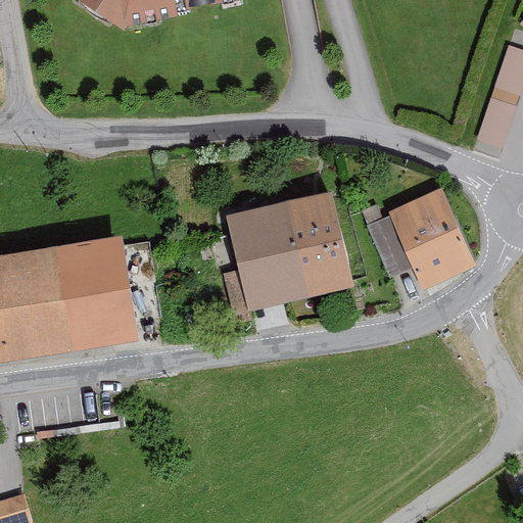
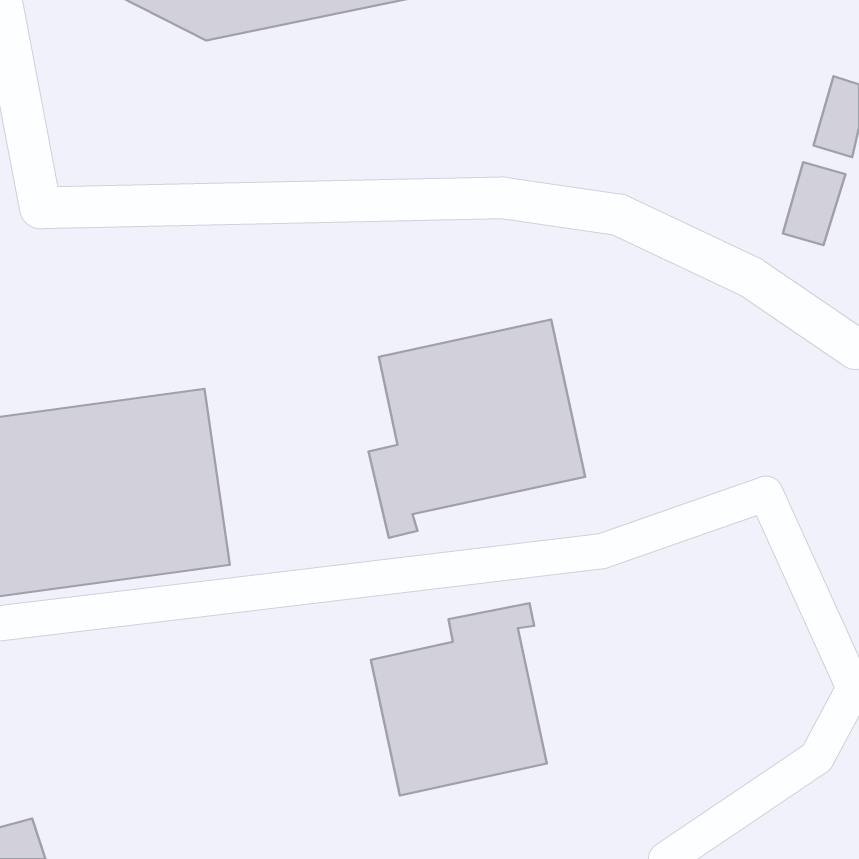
building: [367,190,471,287] -> none
building: none -> [371,603,547,795]

